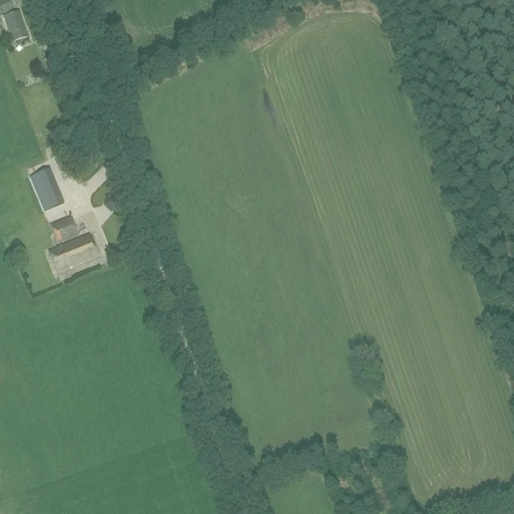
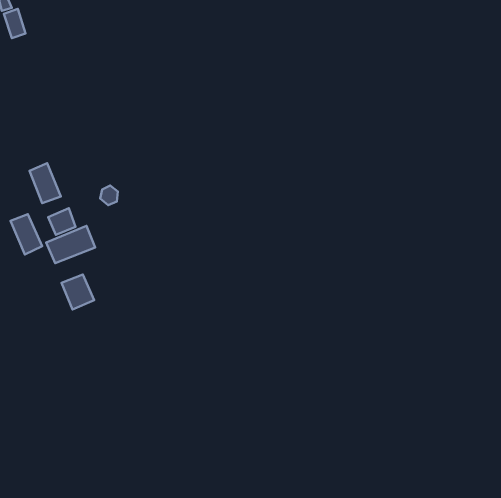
building: none -> [10,214,42,254]
building: none -> [62,275,94,310]

